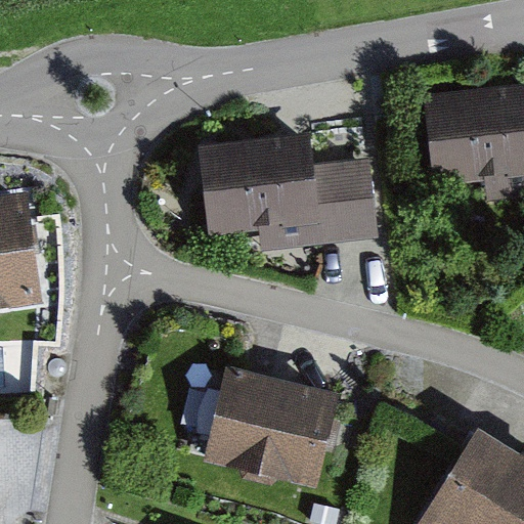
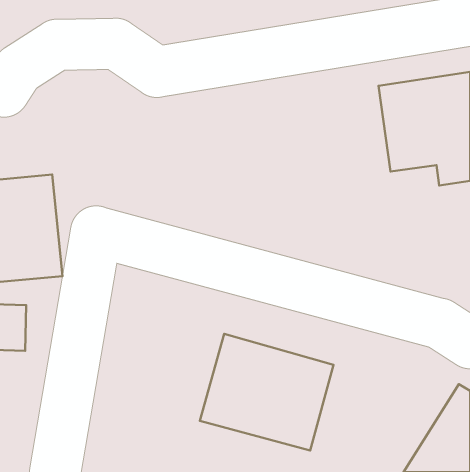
building: [192,133,372,252] -> none

